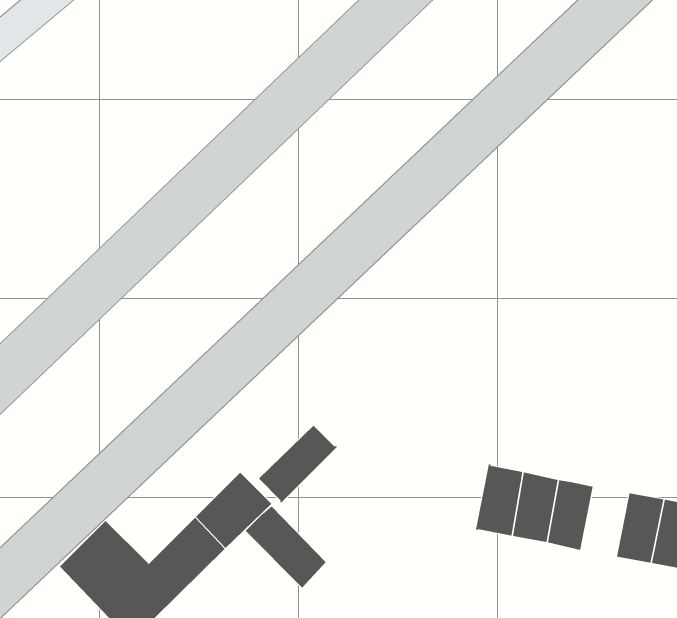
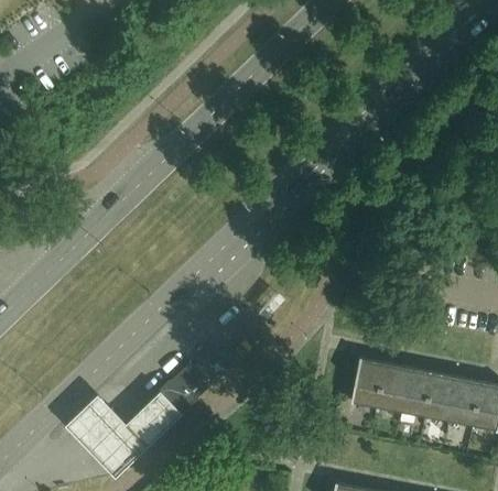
building: [258,425,338,503] -> none
building: none -> [423,373,456,422]
building: [245,505,326,589] -> none

